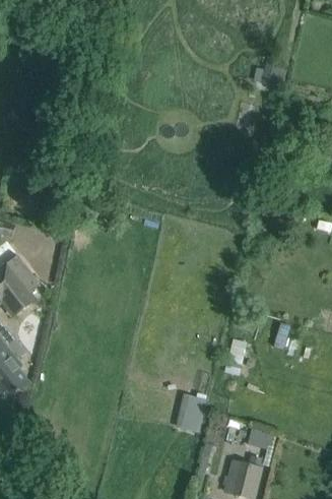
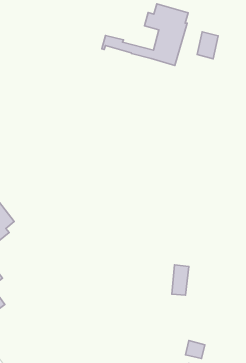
building: none -> [102,4,188,65]
building: [181,395,204,431] -> none

